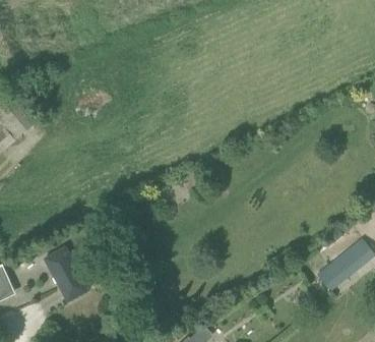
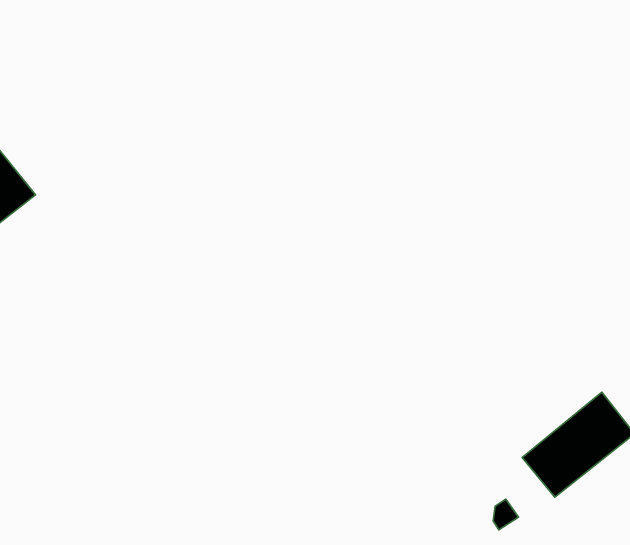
building: [43,245,88,302] -> none

